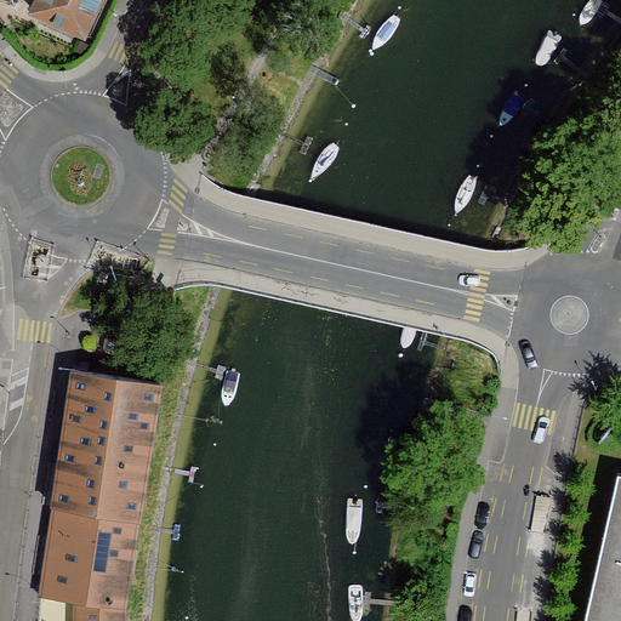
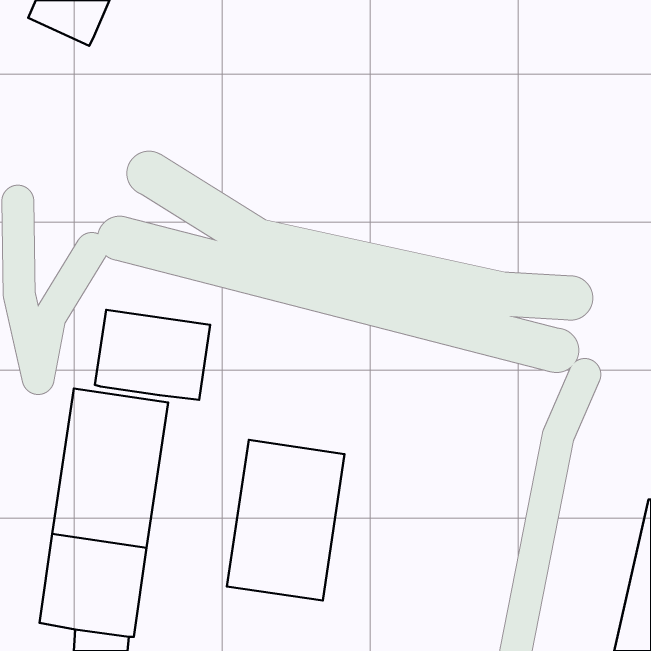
building: none -> [95,310,210,400]
building: none -> [227,440,345,601]

